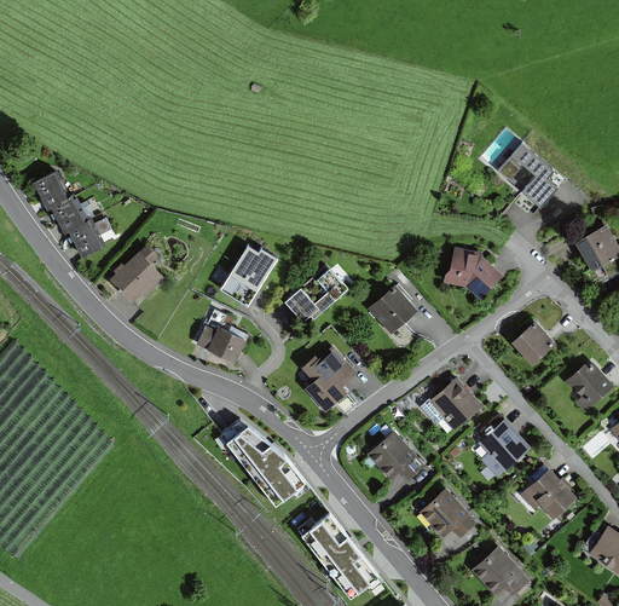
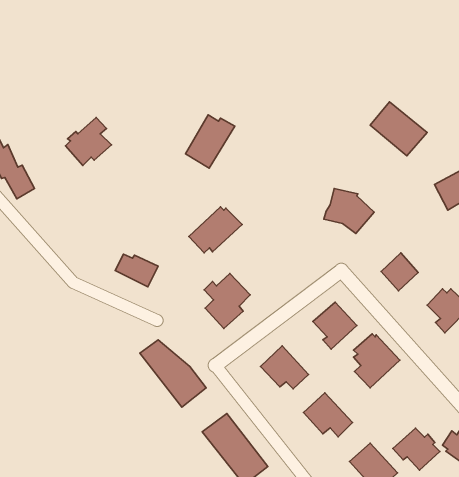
building: [111,244,166,301] -> [65,117,112,165]
building: [219,244,277,307] -> [186,115,235,168]
building: [368,283,418,333] -> none
building: [523,471,579,520] -> [393,428,440,470]

